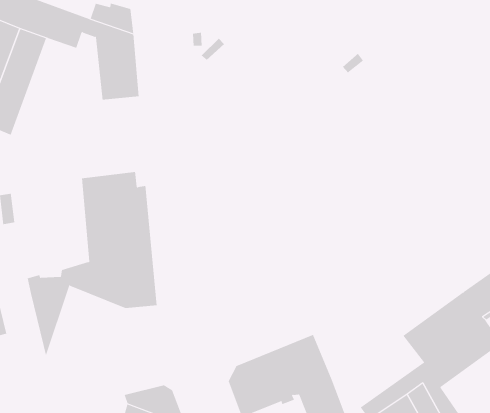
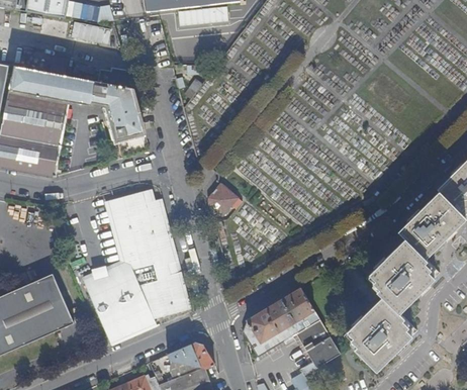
building: none -> [207,183,241,216]
building: none -> [105,280,188,343]

